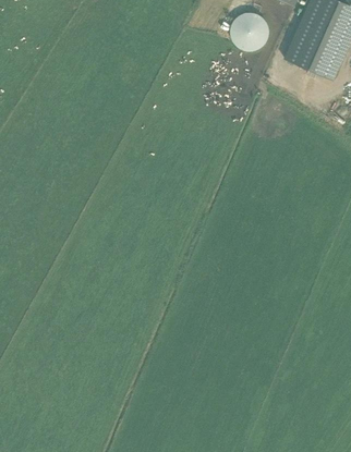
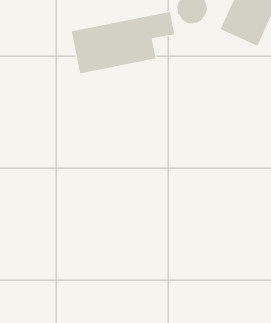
building: none -> [71,11,175,74]

